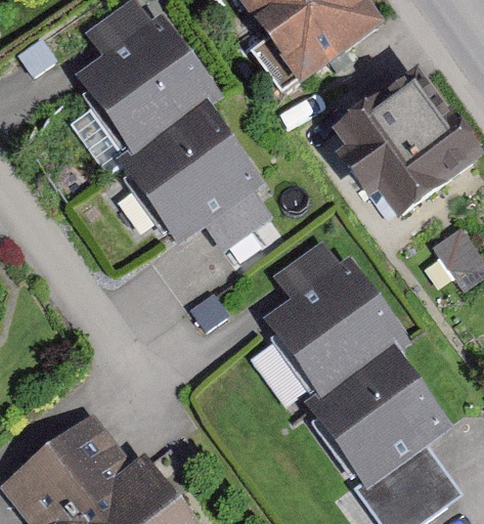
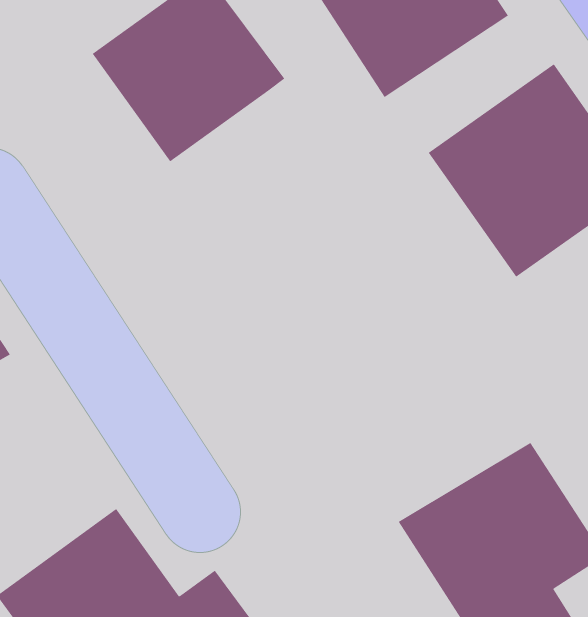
building: [122,97,265,239] -> none
building: [262,241,401,419] -> none

